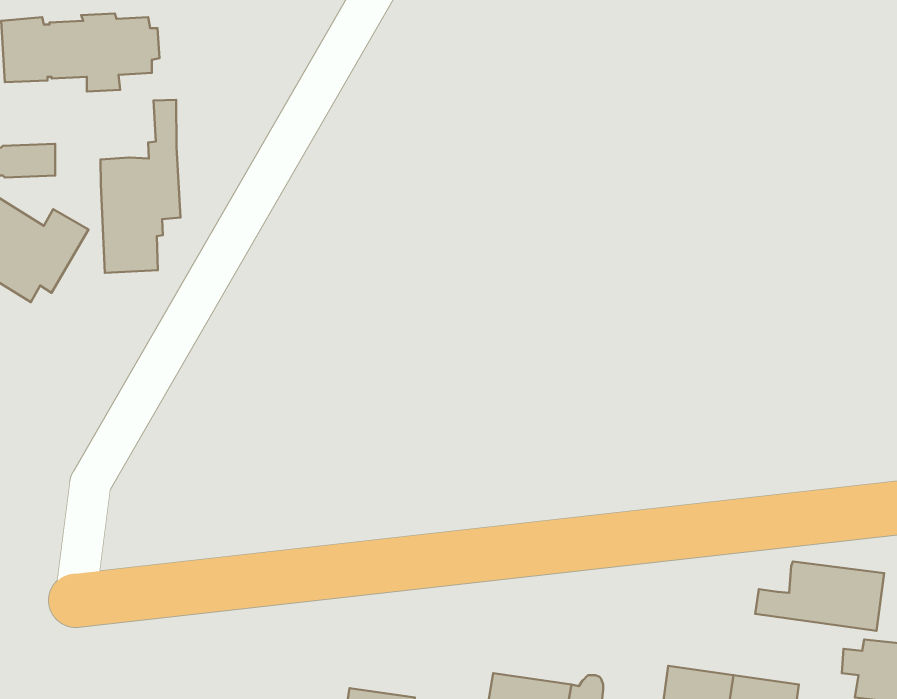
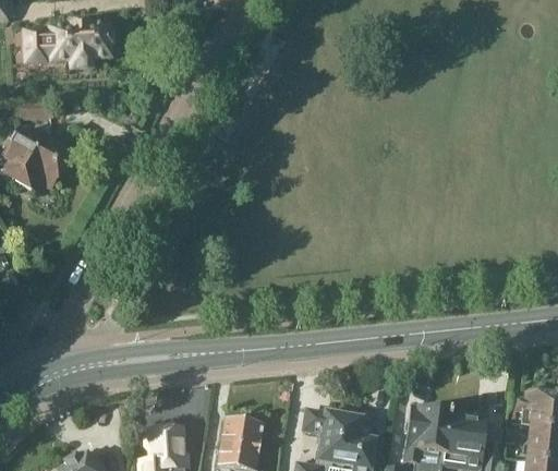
building: [101,100,180,273] -> none
building: [755,561,884,631] -> none

